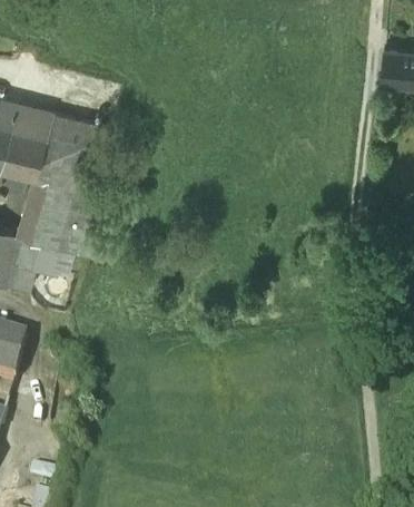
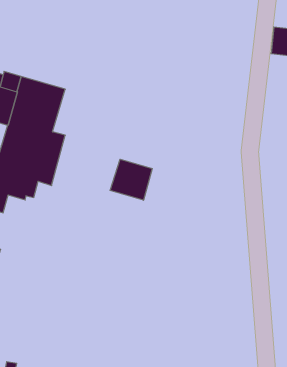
building: none -> [110,159,152,200]

